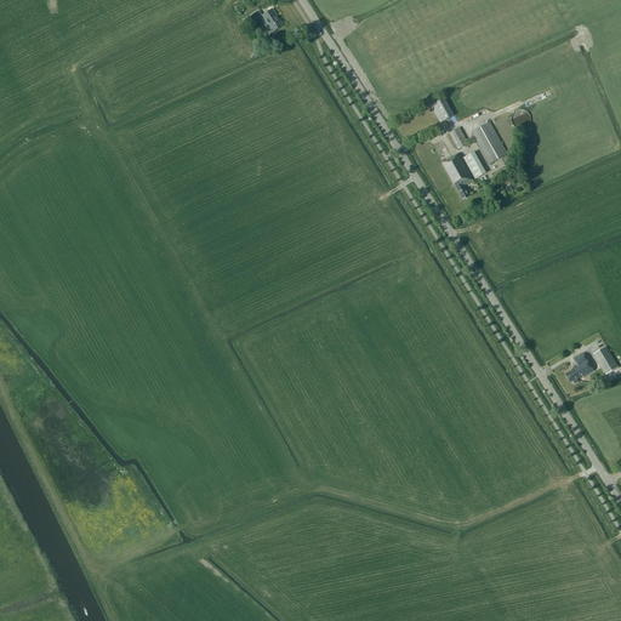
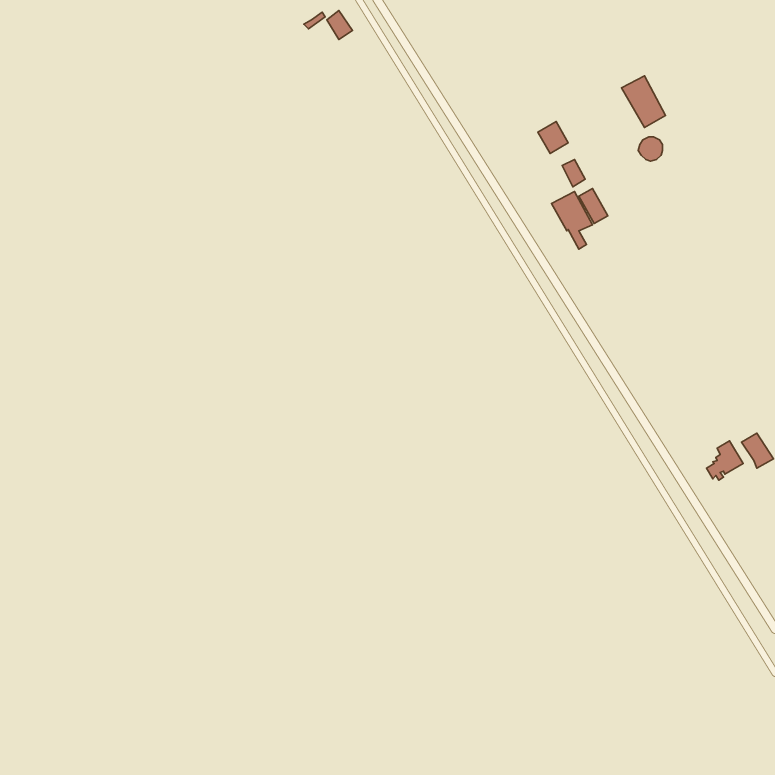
building: [471,121,506,163] -> [622,76,666,127]

